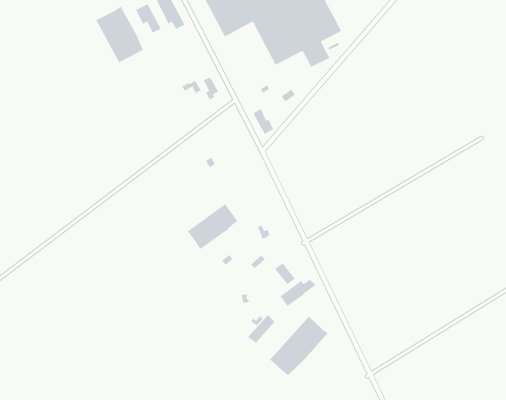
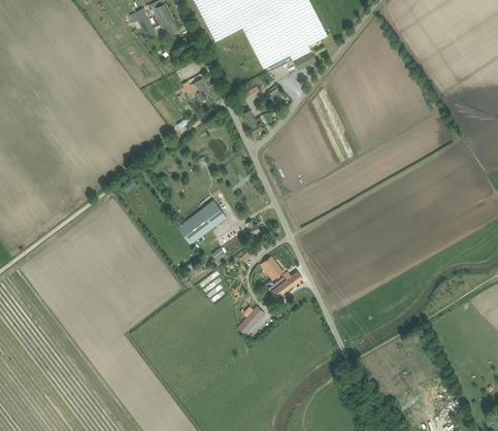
building: [95,6,144,64] -> none
building: [269,316,328,377] -> none

